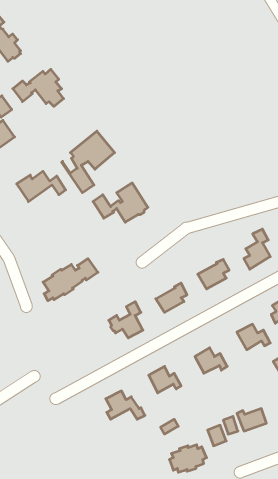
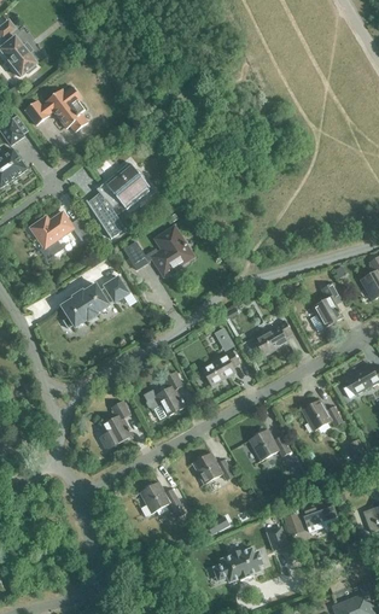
building: [43,259,98,301] -> [60,276,128,328]
building: none -> [99,400,132,449]

